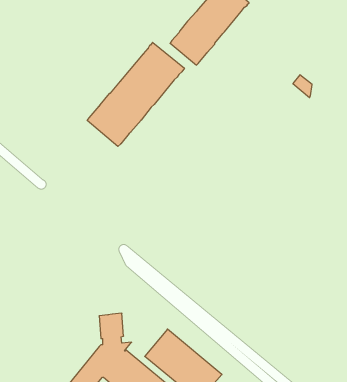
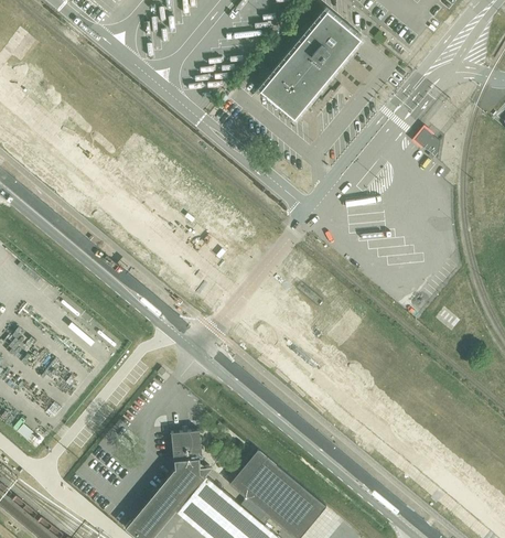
building: [87,42,184,146] -> none

